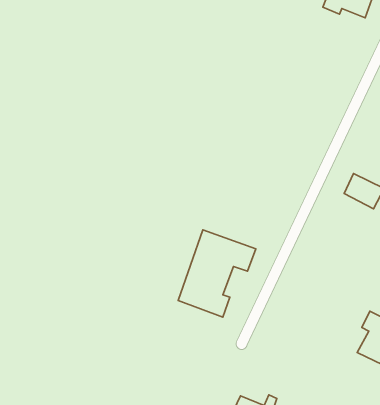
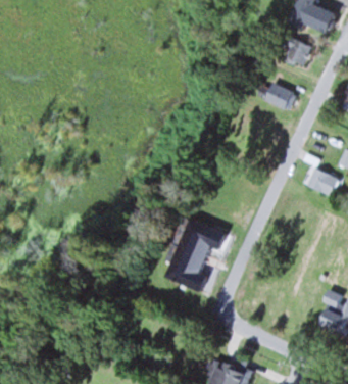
building: none -> [281,37,311,65]
building: none -> [262,82,293,111]

